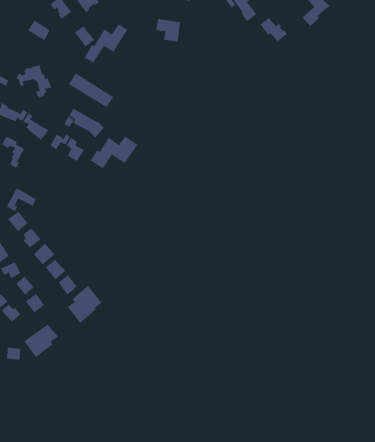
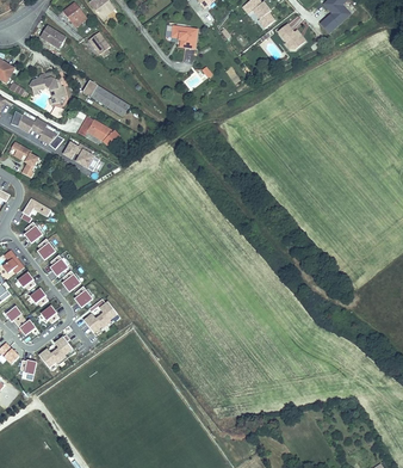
building: [84,24,128,63] -> none
building: [90,136,138,169] -> none

